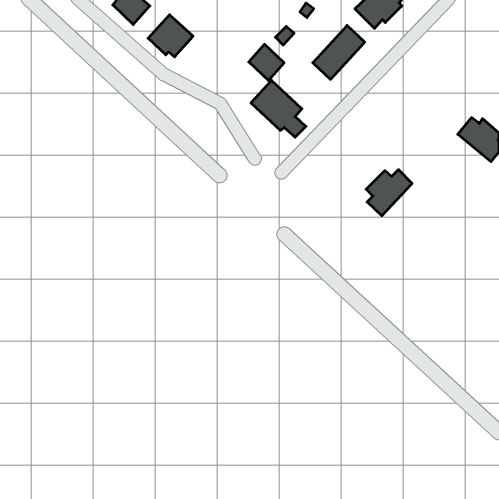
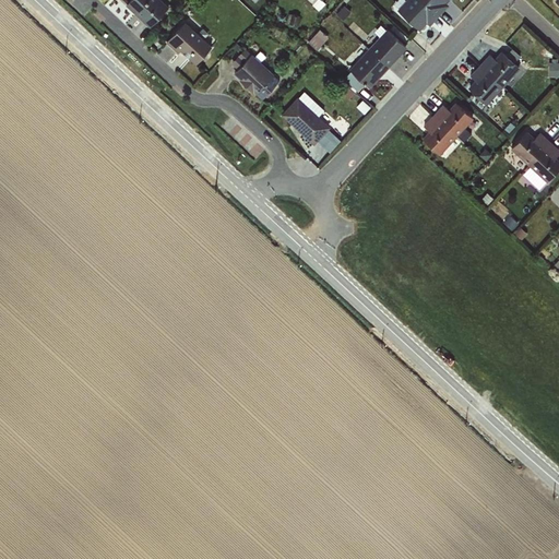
building: [249,44,284,81] -> [233,53,272,94]
building: none -> [468,51,526,109]
building: [366,170,412,216] -> [421,104,473,155]

